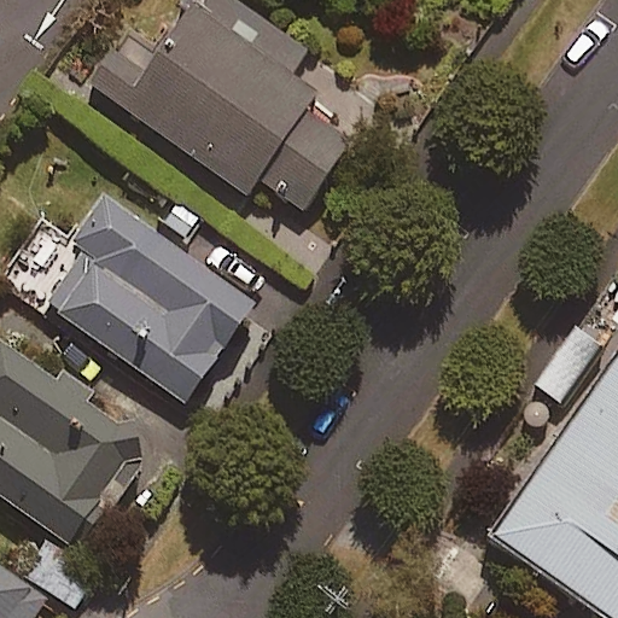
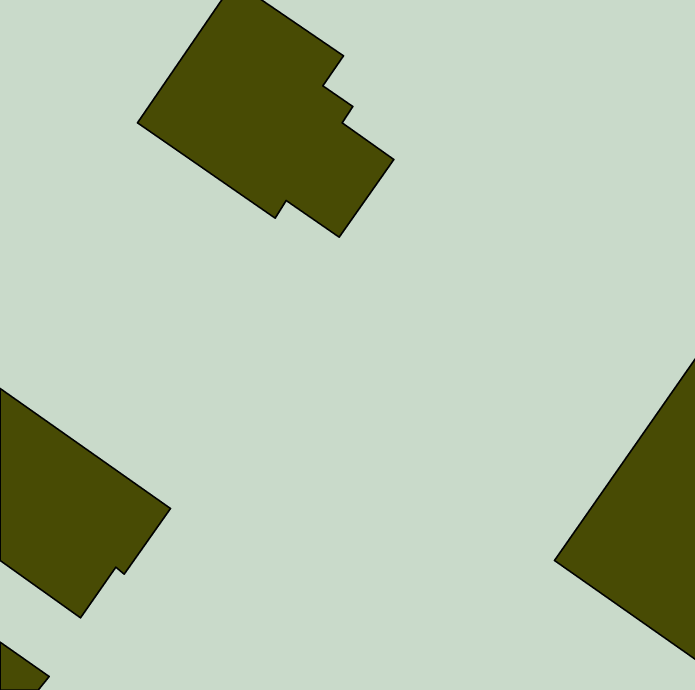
building: [6,196,253,403] -> none

